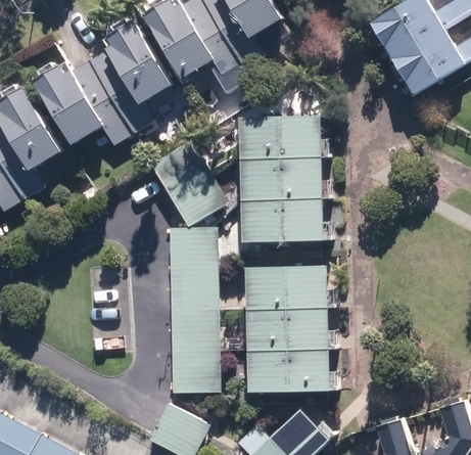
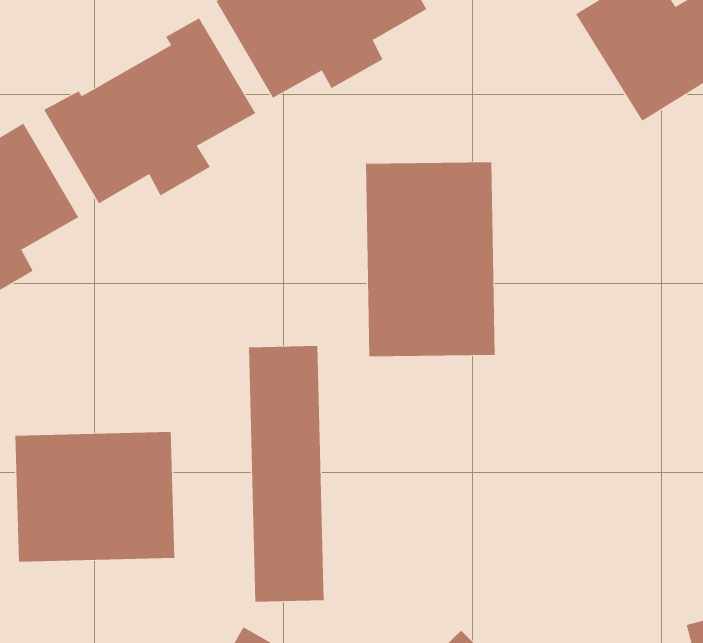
building: [150,142,222,223] -> none
building: [246,267,331,391] -> none
building: none -> [15,431,175,563]

